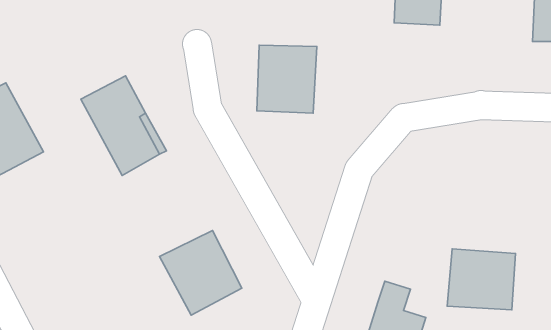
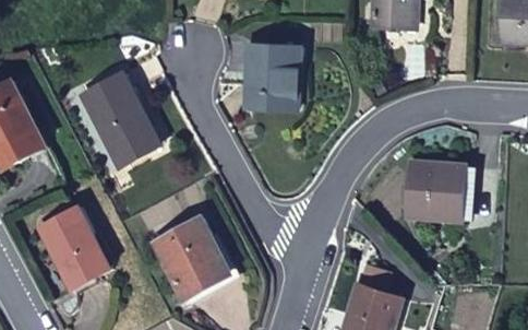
building: none -> [38,207,110,288]
building: [447,249,515,310] -> [404,163,467,220]

